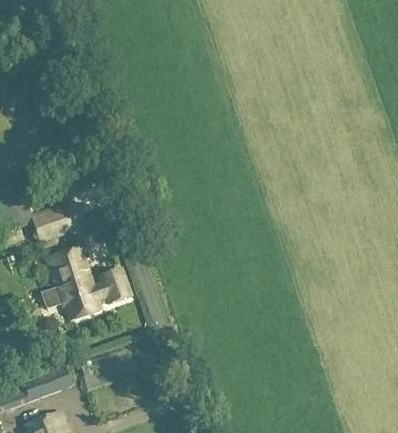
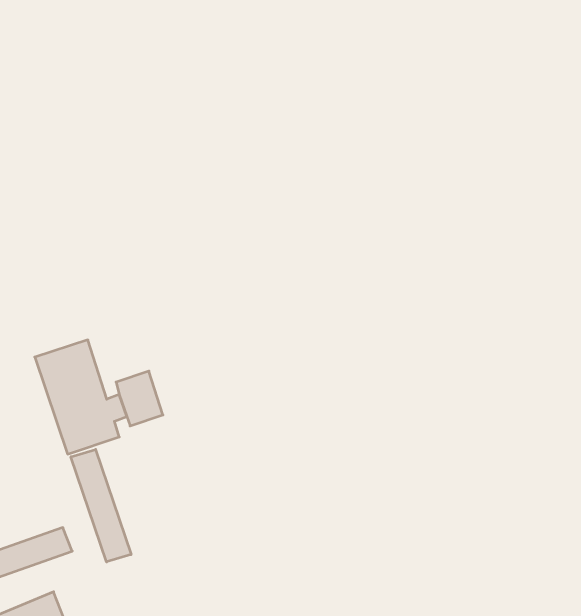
building: [32,205,75,238] -> none
building: none -> [71,449,131,562]

